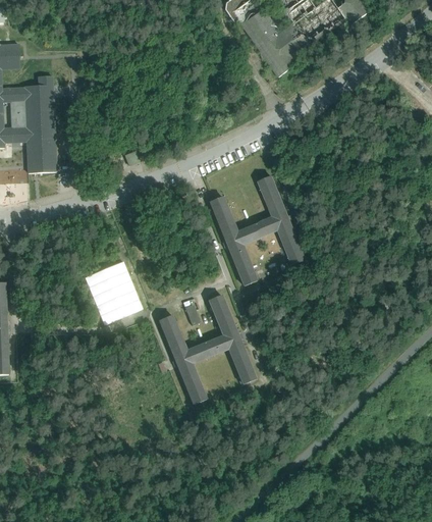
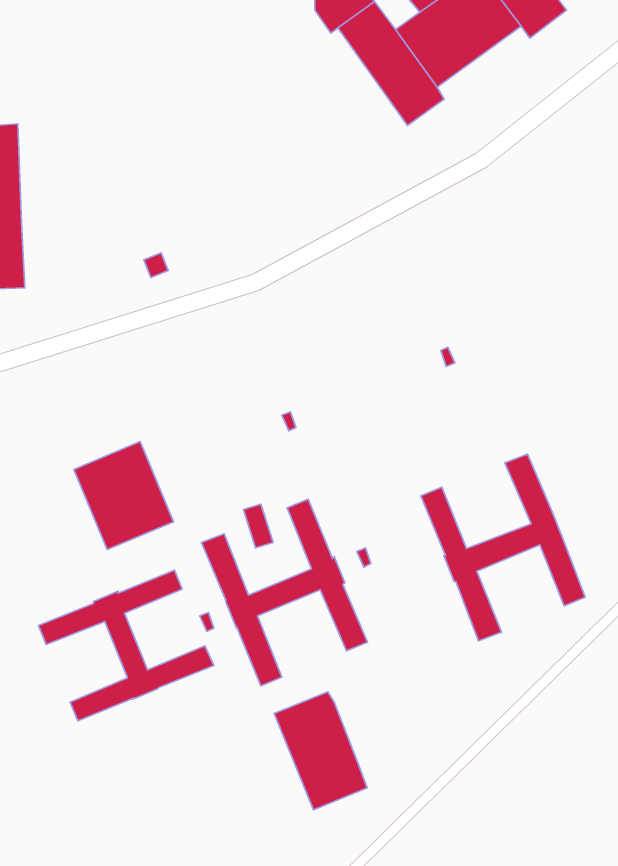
building: [210,176,306,285] -> [421,454,585,641]
building: none -> [39,570,214,721]
building: none -> [274,692,367,810]

